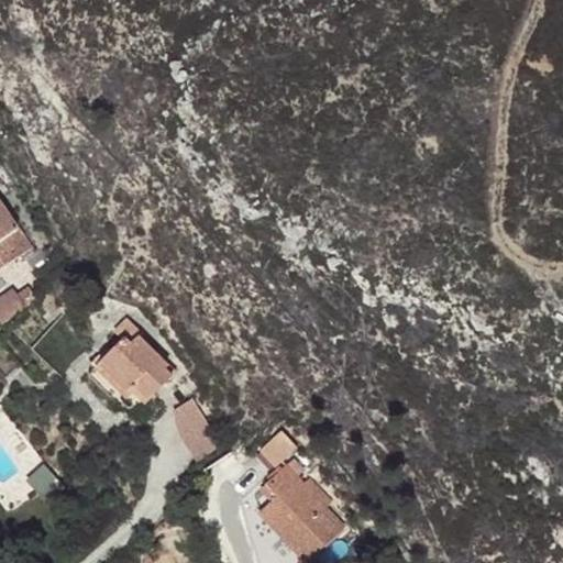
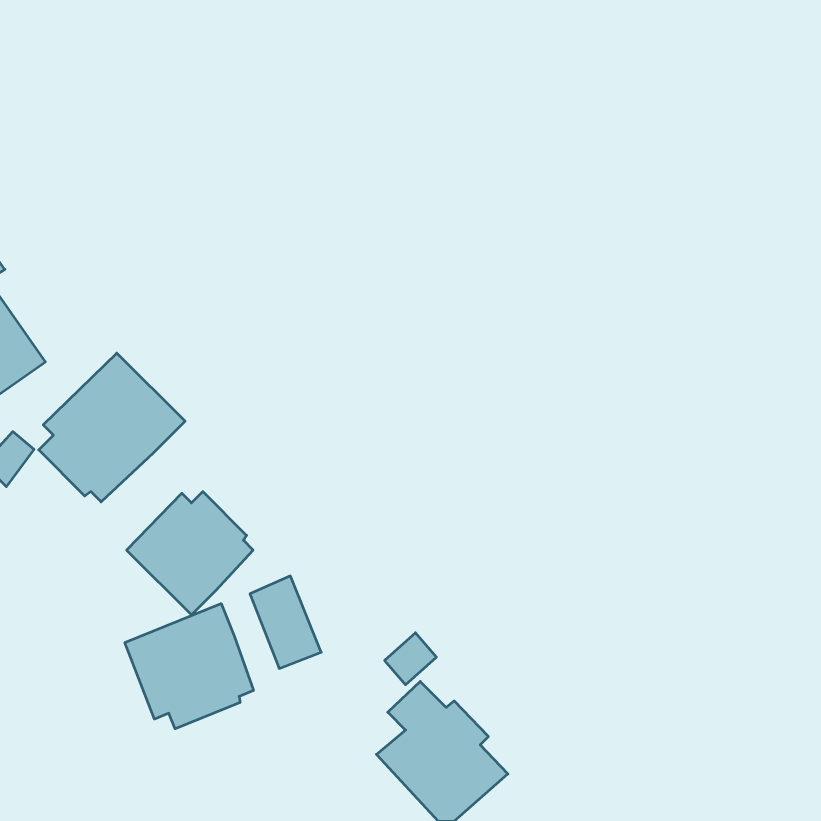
building: none -> [39,353,185,502]
building: none -> [125,604,253,729]

